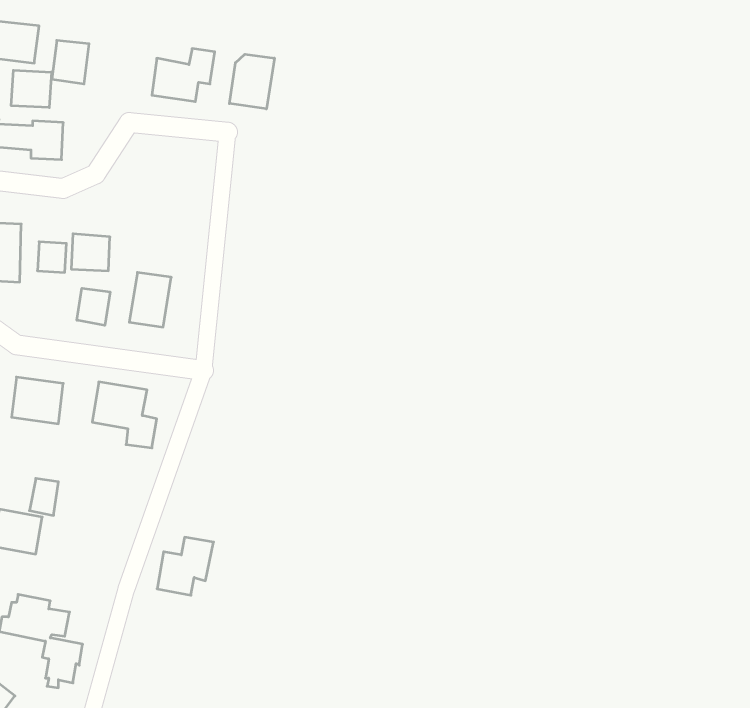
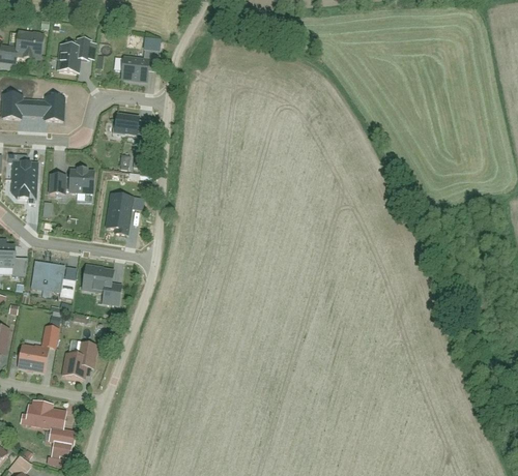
building: [229,54,274,109] -> none
building: [11,70,51,108] -> none
building: none -> [113,112,139,133]
building: [77,288,110,325] -> none
building: [157,537,214,595] -> [63,343,99,380]

